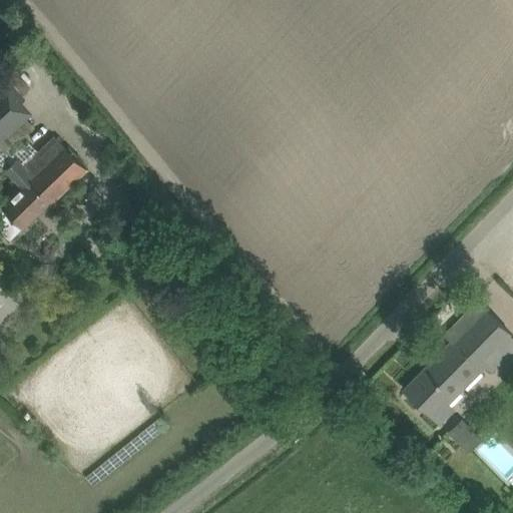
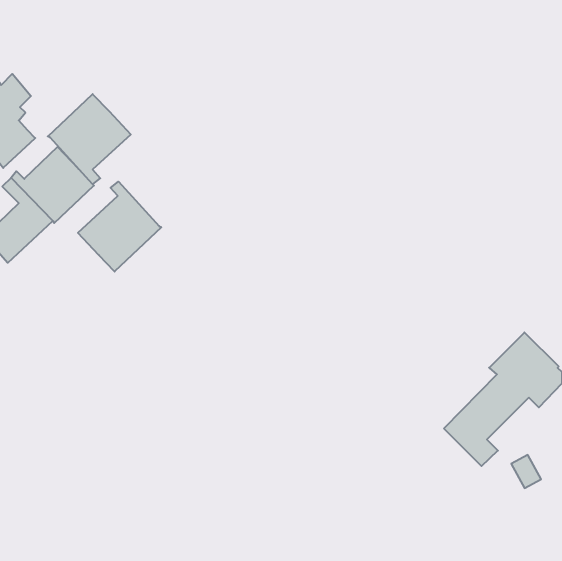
building: none -> [48,94,131,184]
building: none -> [78,182,161,272]

